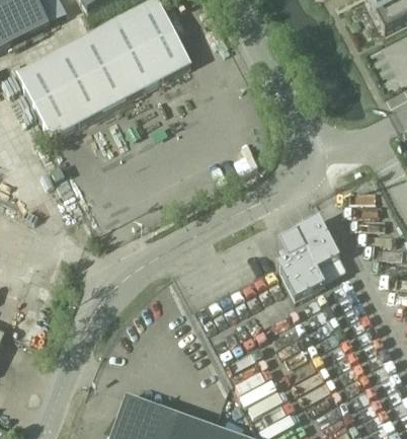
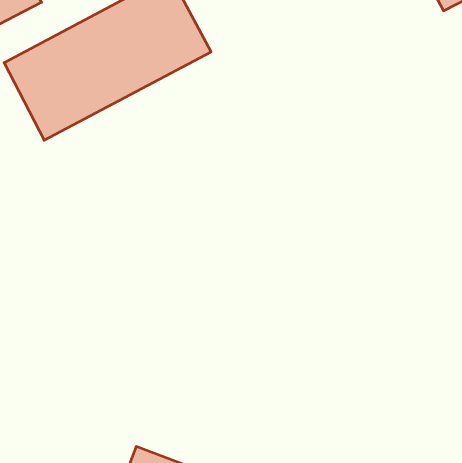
building: [276,214,340,297] -> none

